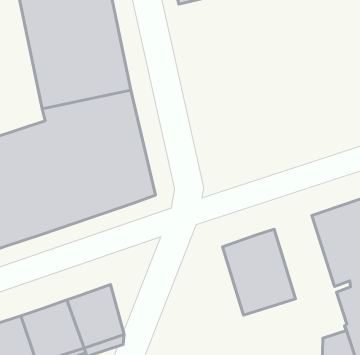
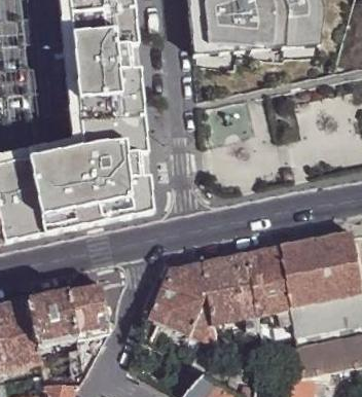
building: none -> [248,247,292,315]
building: none -> [150,263,217,347]

